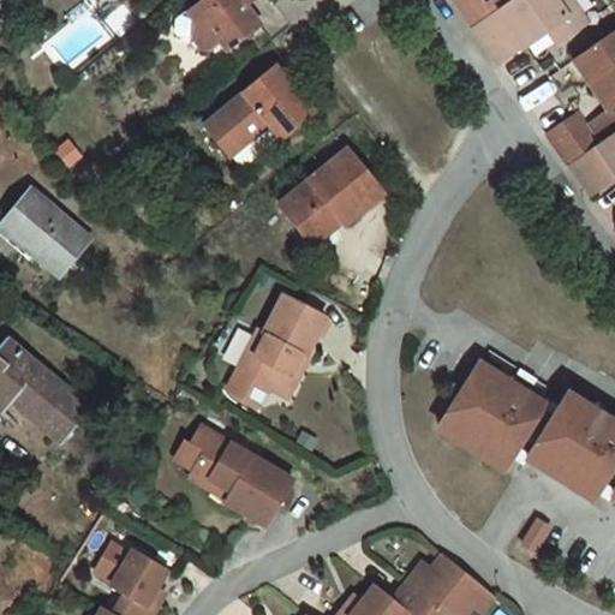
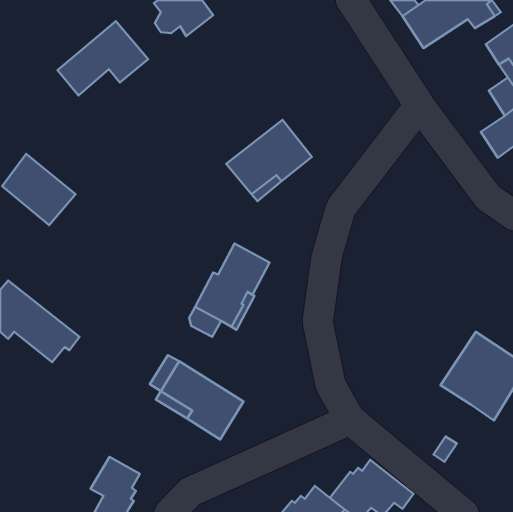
building: [198,61,306,150] -> [58,21,148,95]
building: [555,111,604,160] -> none
building: [440,365,545,471] -> none

